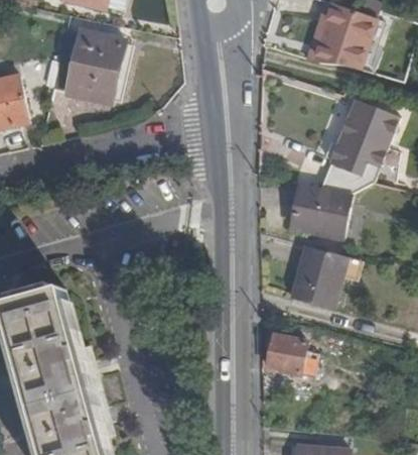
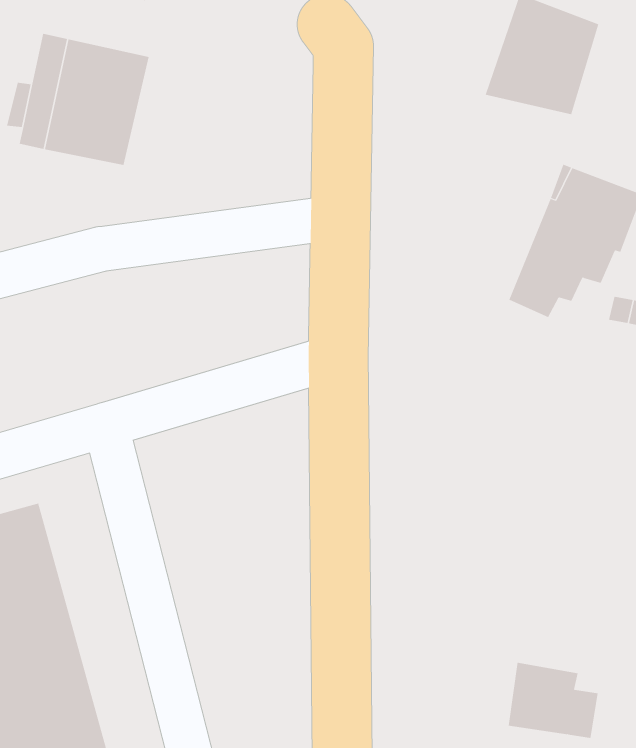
building: [291,183,352,240] -> none
building: [290,245,347,310] -> none
building: [267,334,317,376] -> [508,662,599,738]

